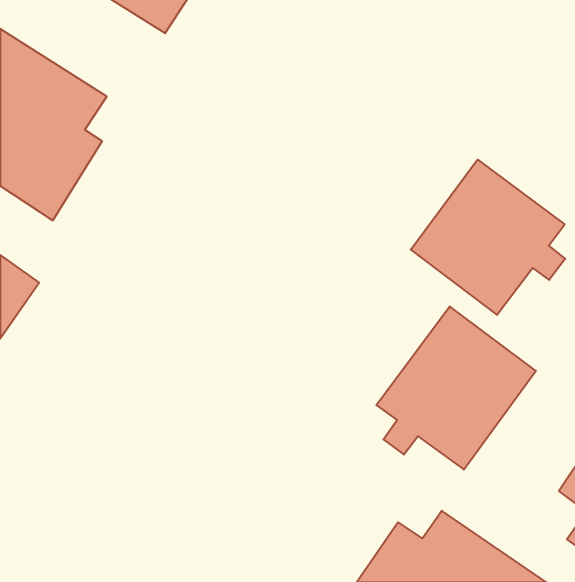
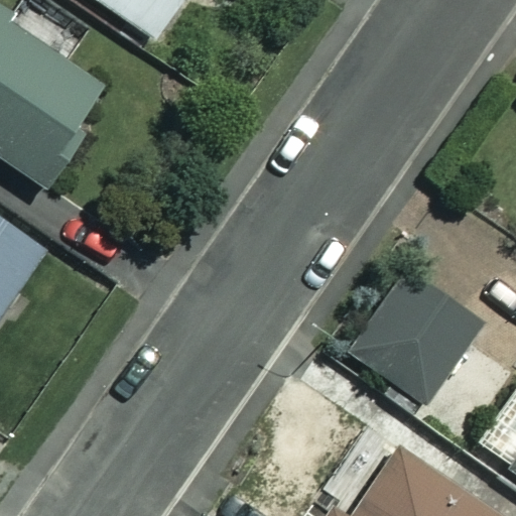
building: [411,160,565,315] -> none

